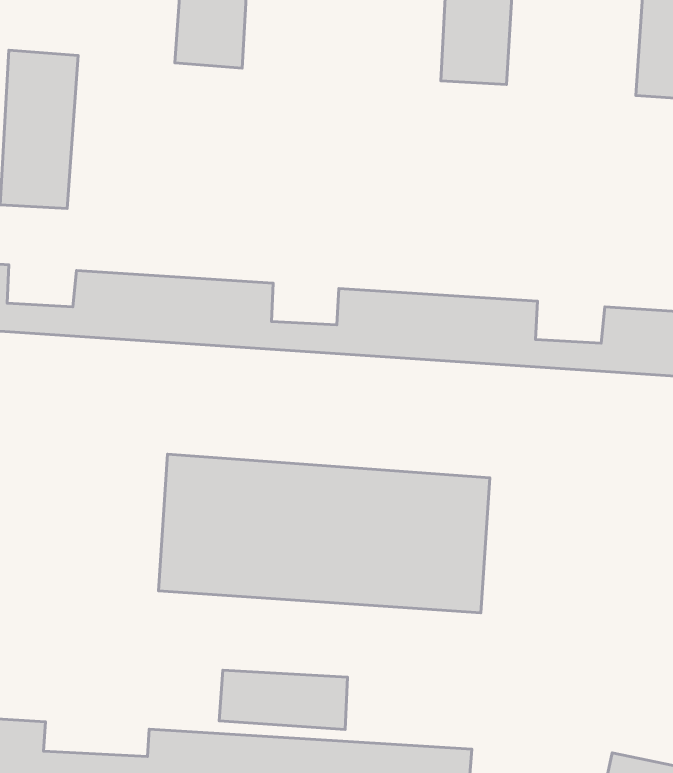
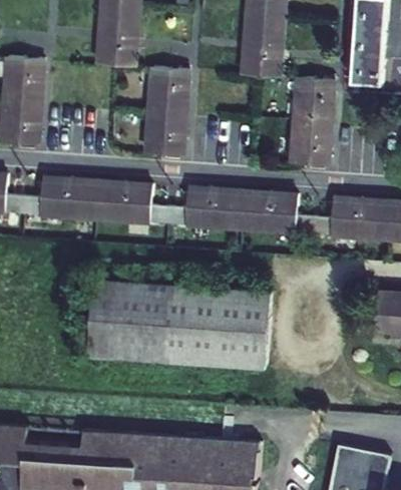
building: none -> [146,67,188,154]
building: none -> [291,78,333,165]
building: [219,670,348,729] -> none

